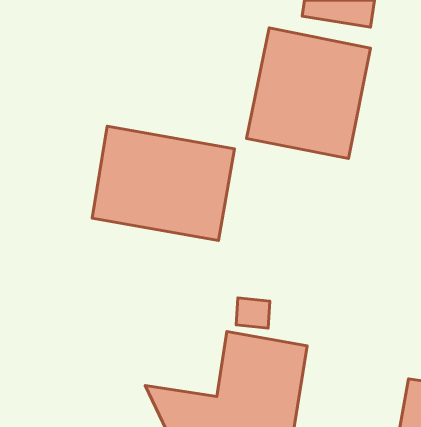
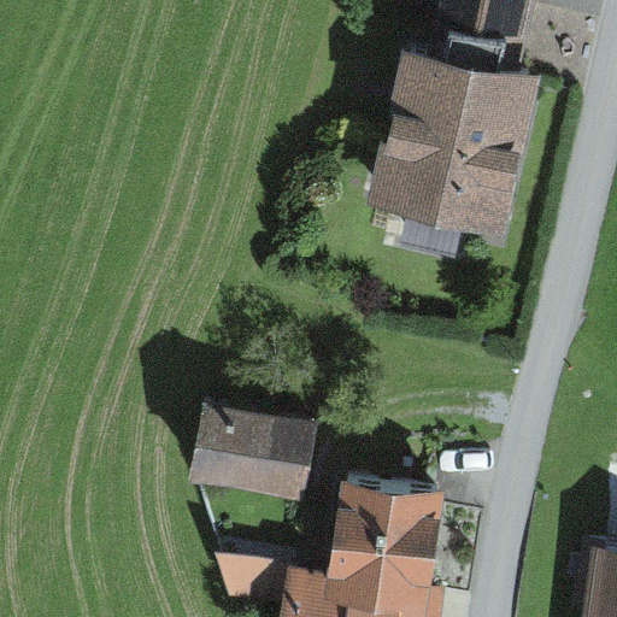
building: [92,126,235,240] -> none
building: none -> [183,404,319,503]

